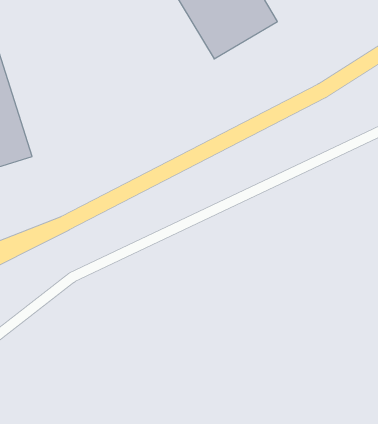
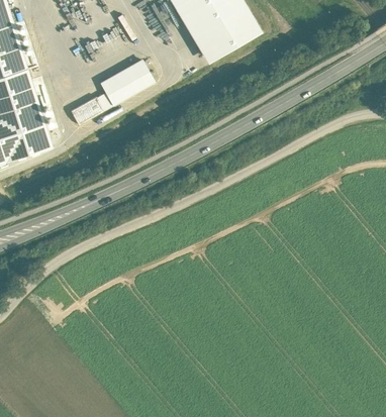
building: none -> [70,59,154,121]

